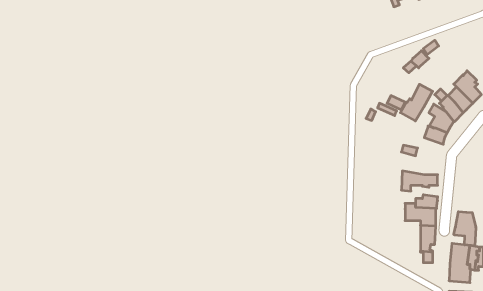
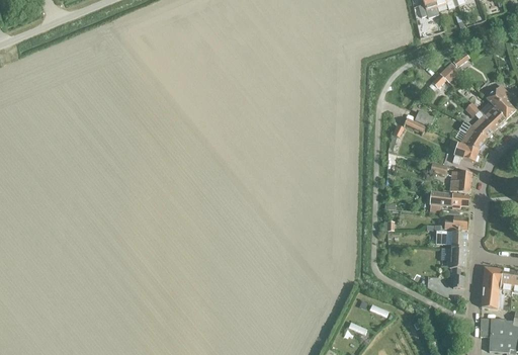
building: [400,84,433,121] -> none
building: none -> [449,171,470,193]
building: [454,212,476,246] -> none

